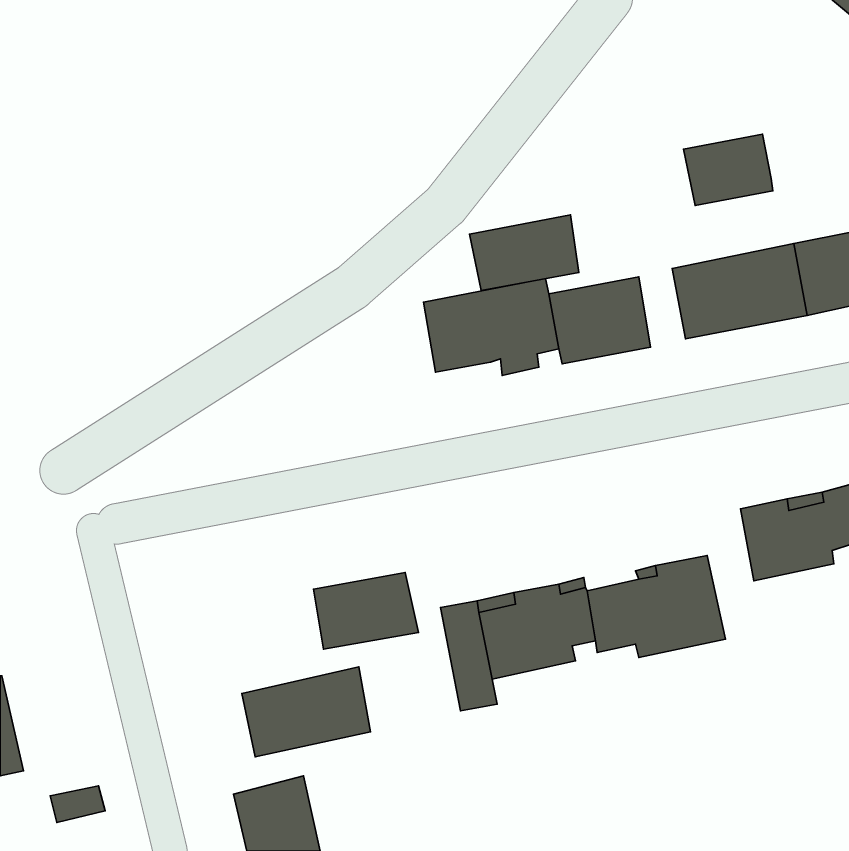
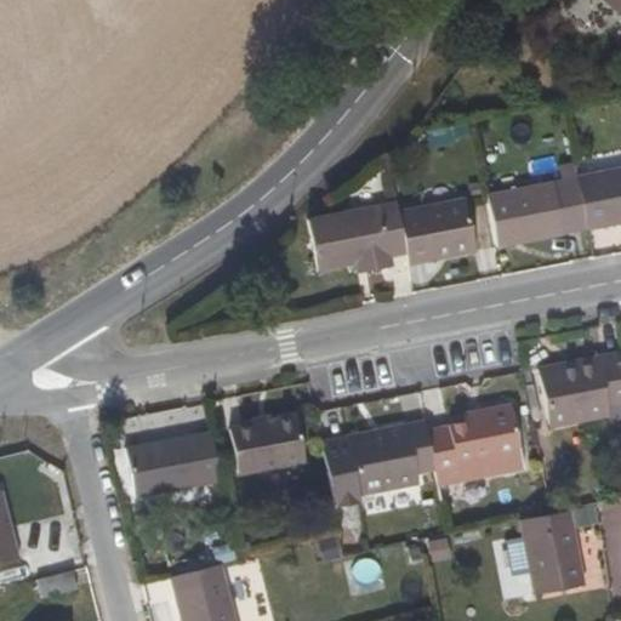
building: [683,134,773,206] -> none
building: [470,215,579,291] -> none
building: [242,667,370,757] -> [127,431,221,496]
building: none -> [522,508,586,593]

